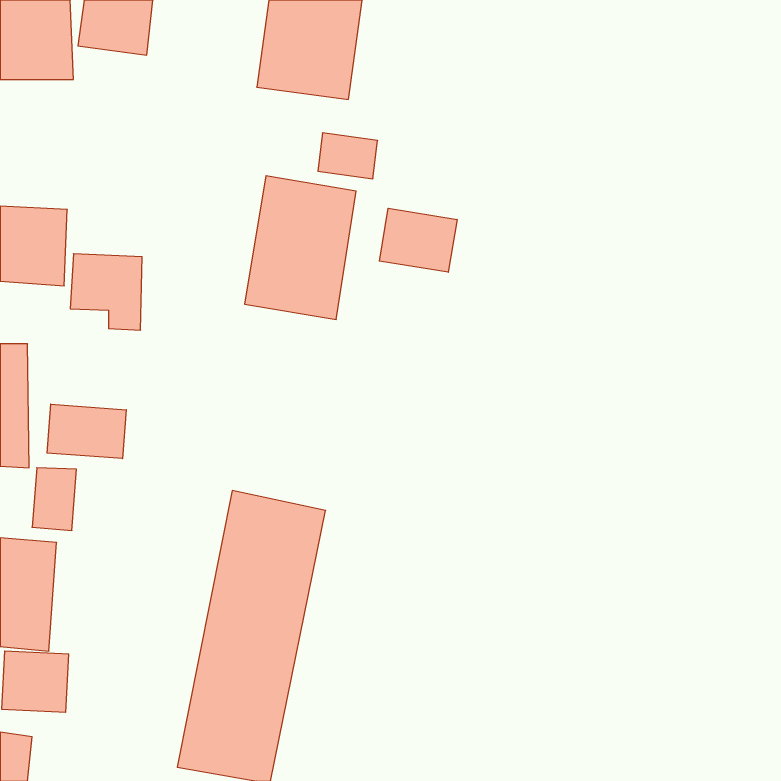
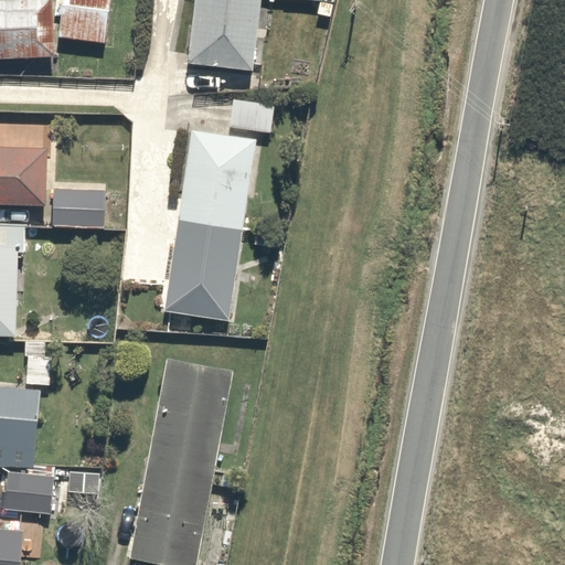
building: [379,208,457,272] -> none
building: none -> [161,220,243,321]
building: [47,404,126,459] -> none

